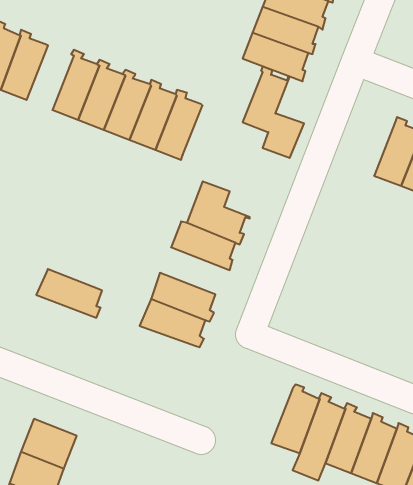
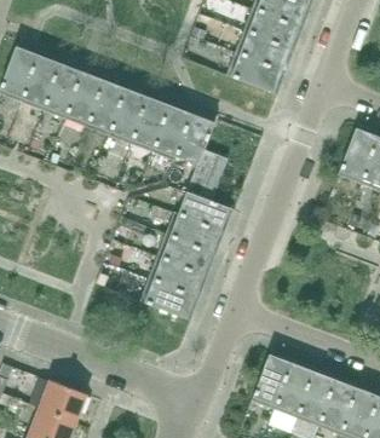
building: none -> [44,59,84,119]
building: [243,66,304,158] -> [175,110,228,188]
building: [36,269,102,318] -> [156,235,212,276]

